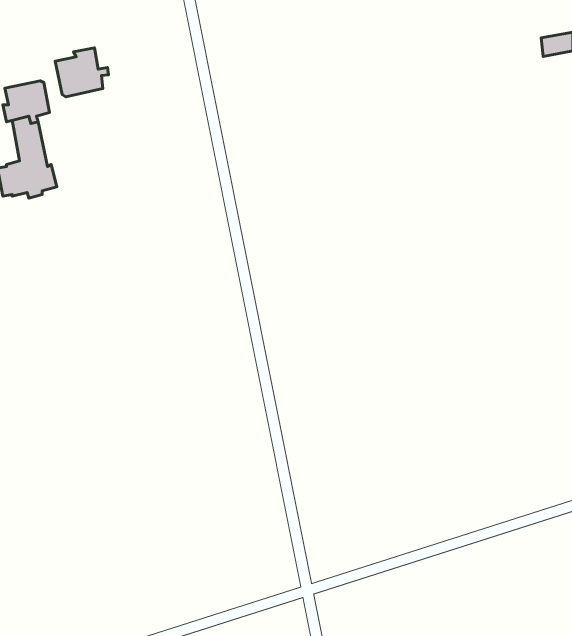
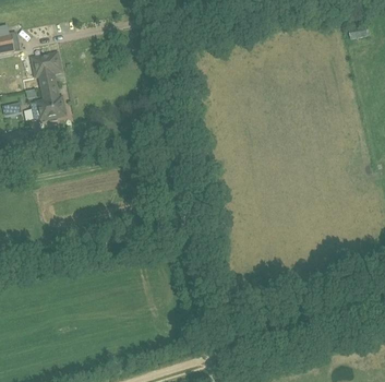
building: [55,48,109,97] -> none

